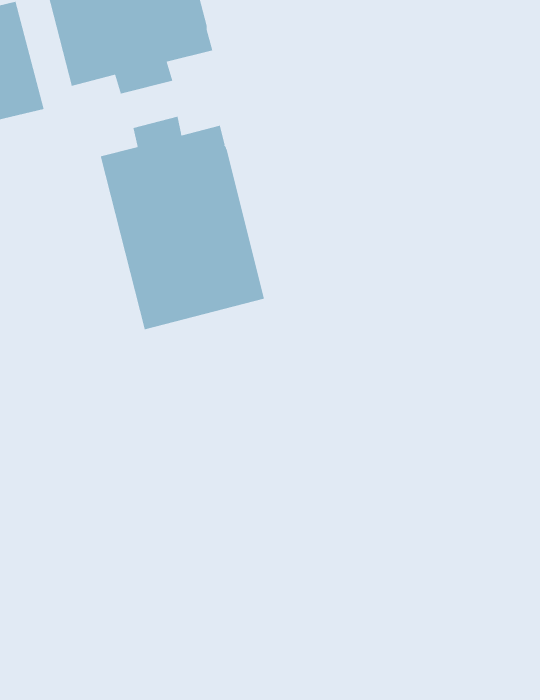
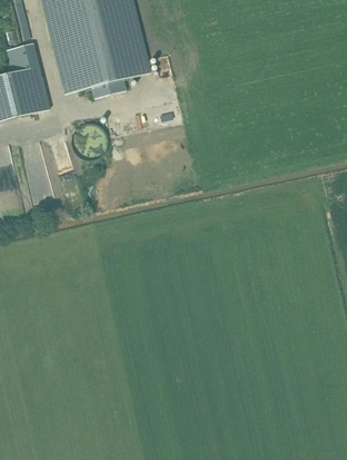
building: [100,116,265,330] -> none

